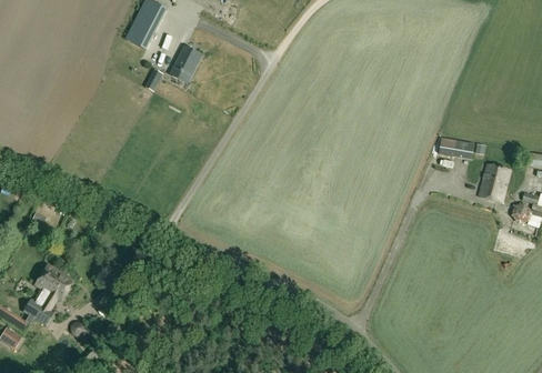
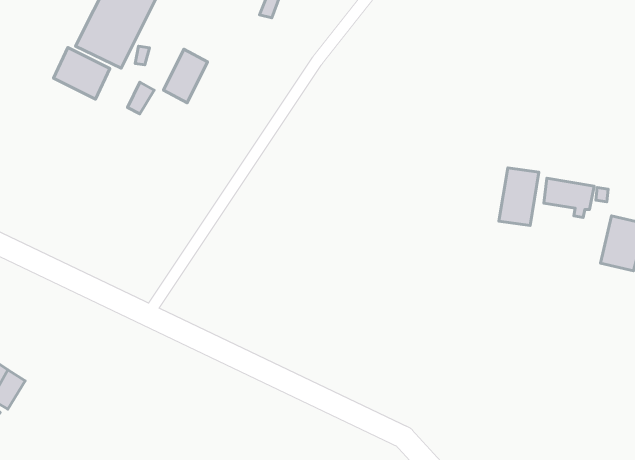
building: none -> [53,47,110,99]
building: none -> [499,168,539,225]

